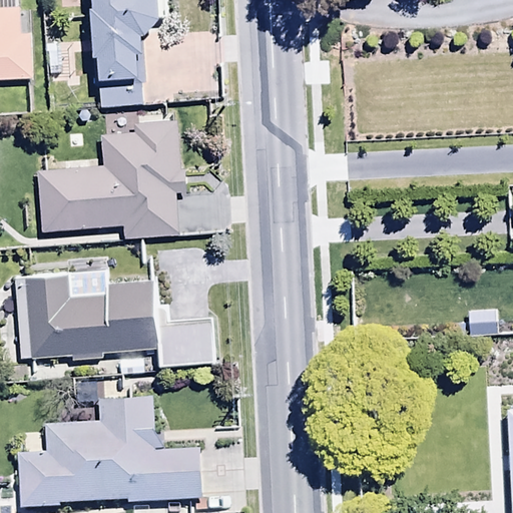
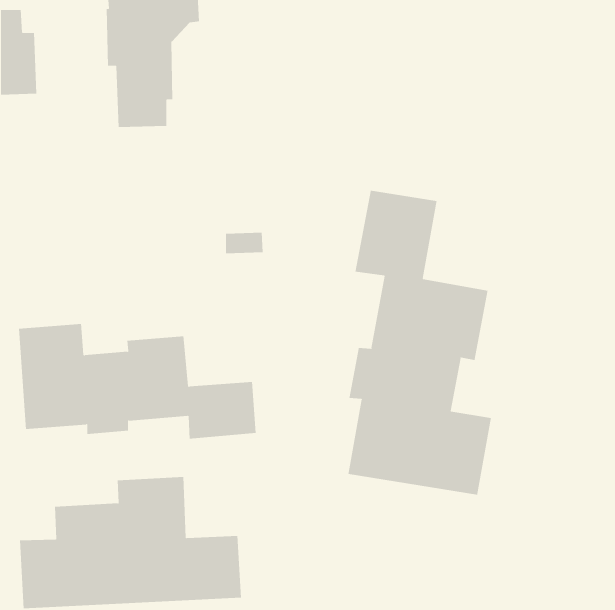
building: [37,119,186,238] -> none
building: none -> [348,190,491,495]

